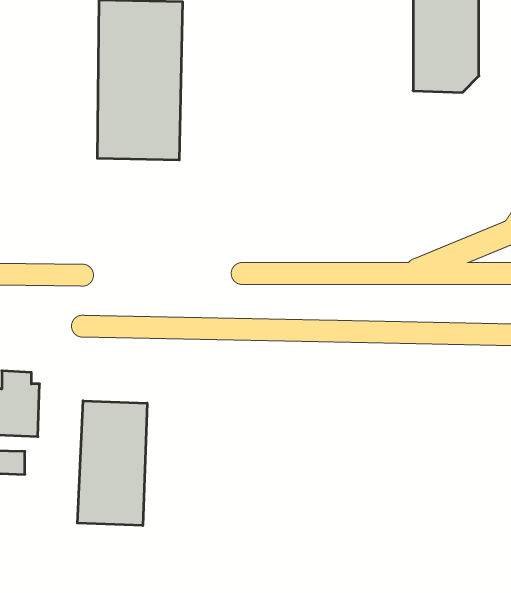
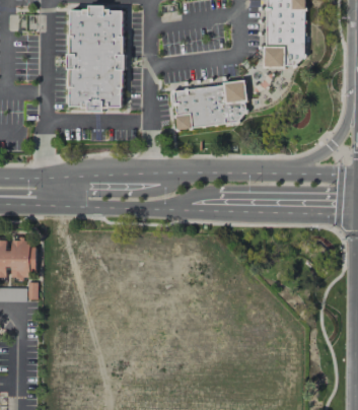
building: none -> [173,81,247,131]
building: [77,401,147,526] -> none

